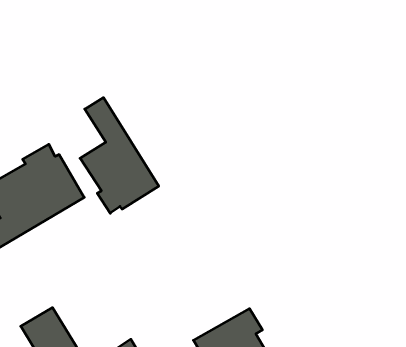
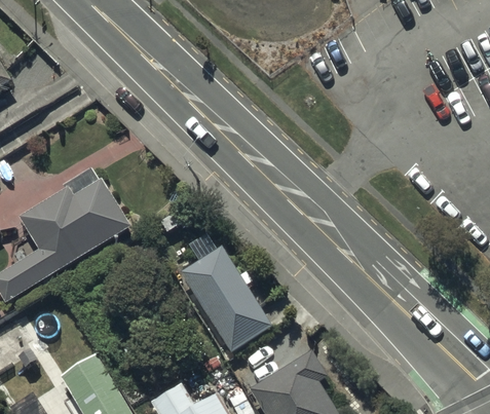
building: [80,98,159,213] -> none
building: none -> [179,248,268,349]

